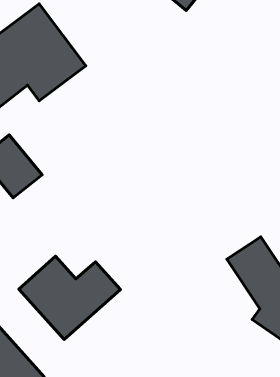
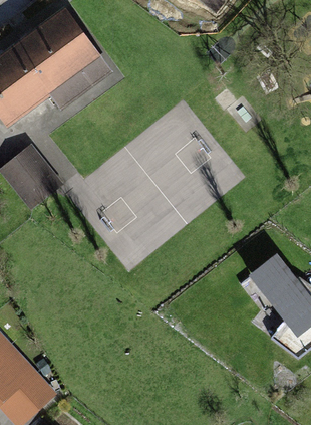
building: [19,256,120,340] -> none

